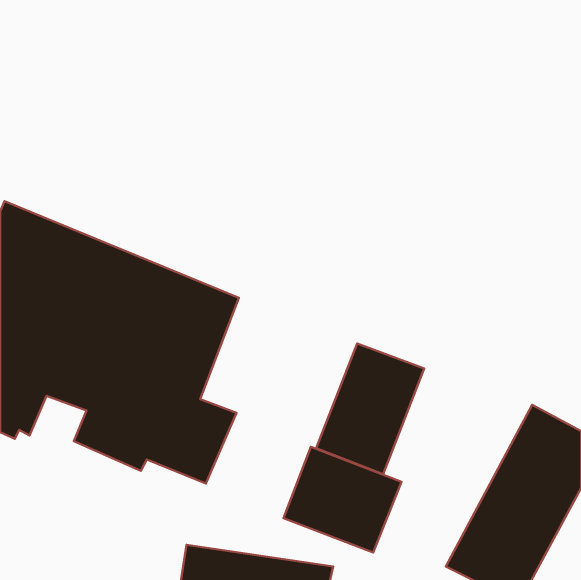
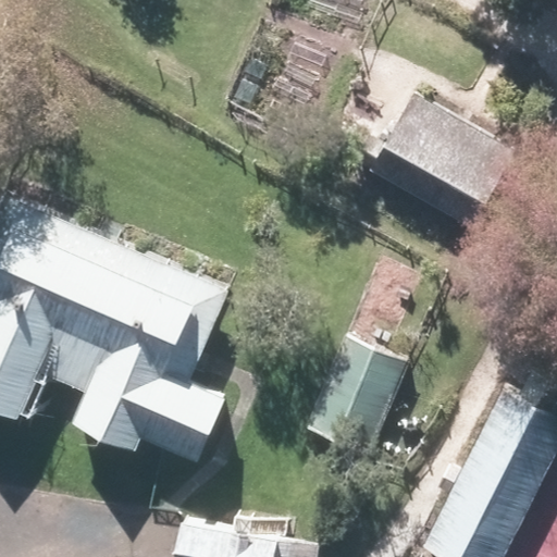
building: none -> [360,95,505,219]
building: [283,447,401,552] -> none

